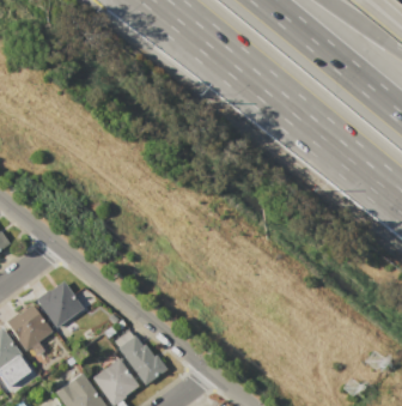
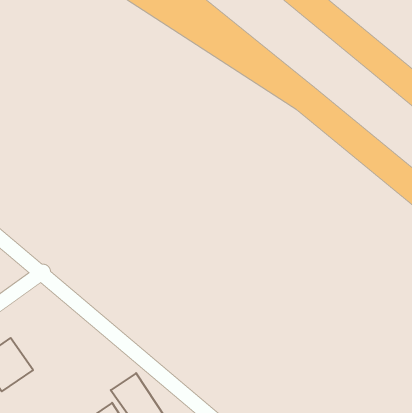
building: [38,283,83,327] -> none

